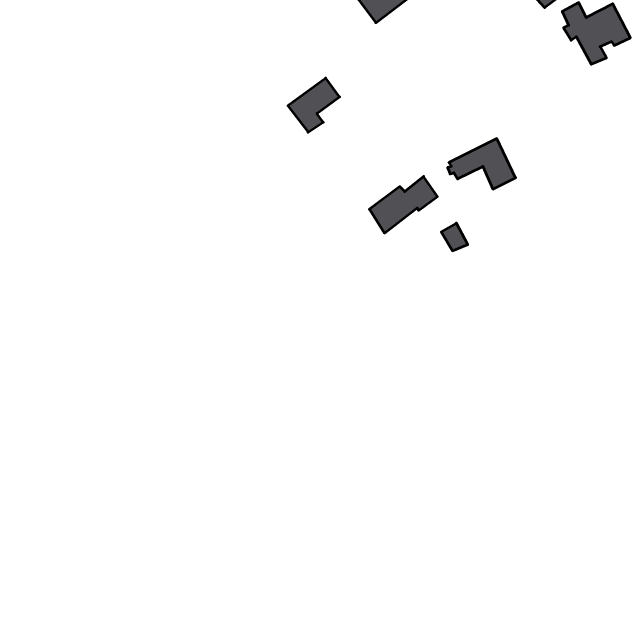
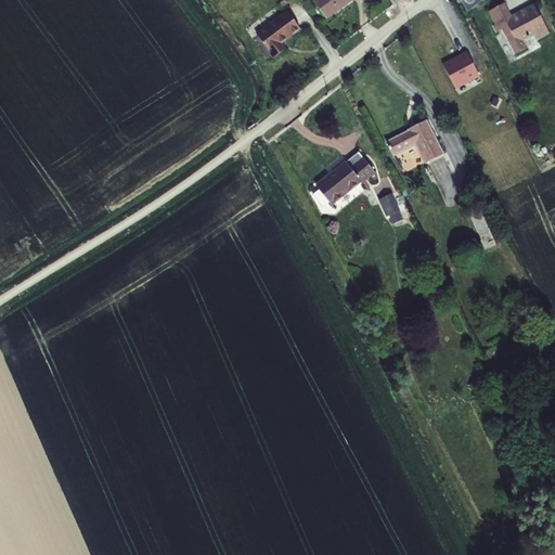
building: none -> [442,47,480,85]
building: [288,78,340,132] -> [257,15,301,62]

